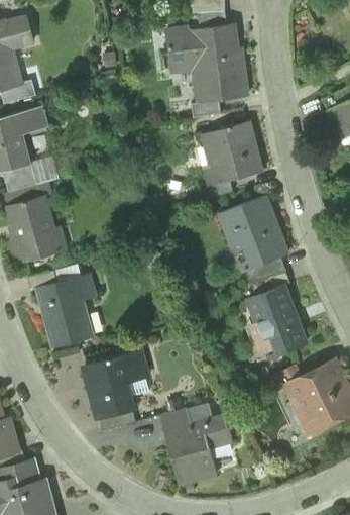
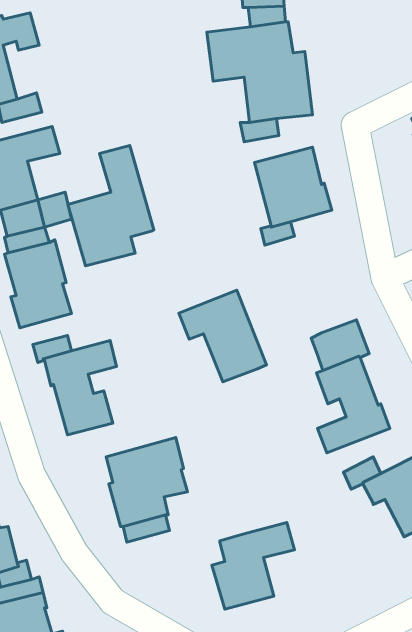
building: none -> [68,146,154,266]
building: [220,196,288,268] -> [179,290,267,382]
building: [288,398,319,434] -> none
building: [161,408,193,434] -> none

